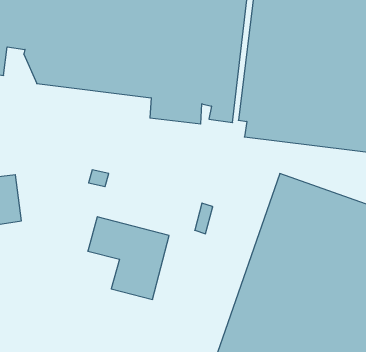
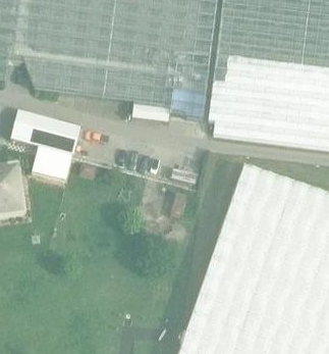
building: [88,217,169,299] -> [10,108,80,180]

